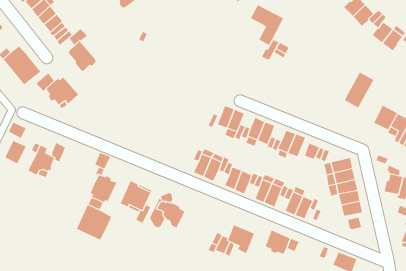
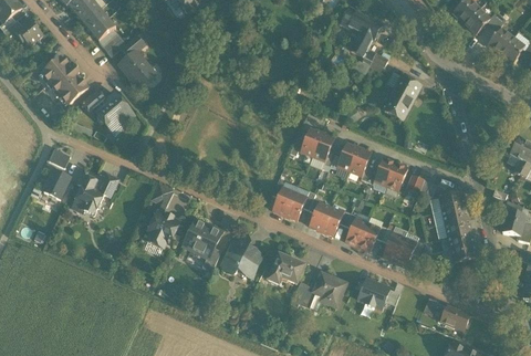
building: [344,72,374,108] -> [383,75,419,119]
building: [374,105,398,130] -> none
building: [76,204,112,240] -> none
building: none -> [270,254,303,283]

